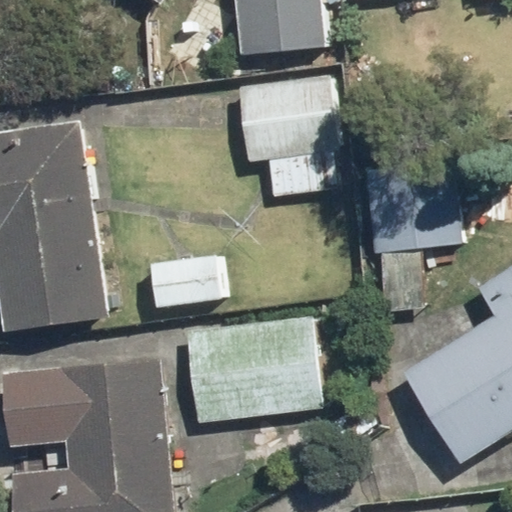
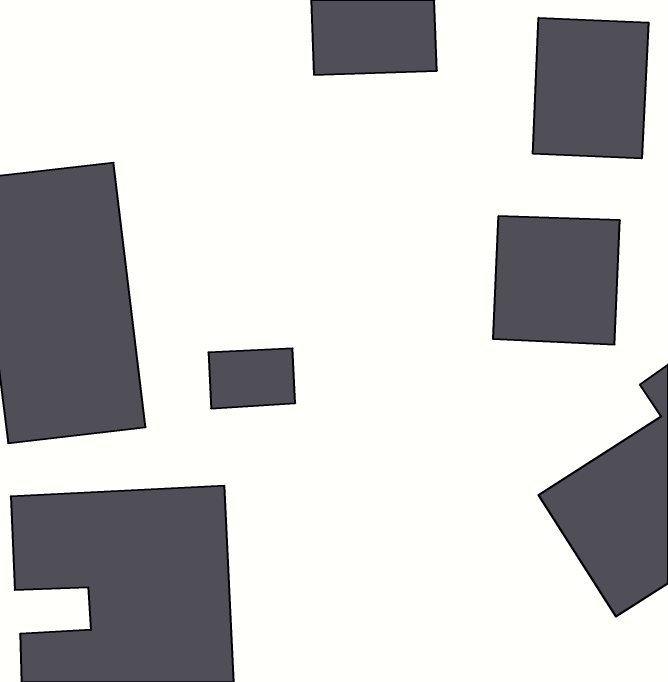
building: none -> [533,18,649,158]
building: [238,77,334,195] -> none
building: [185,320,317,421] -> none

